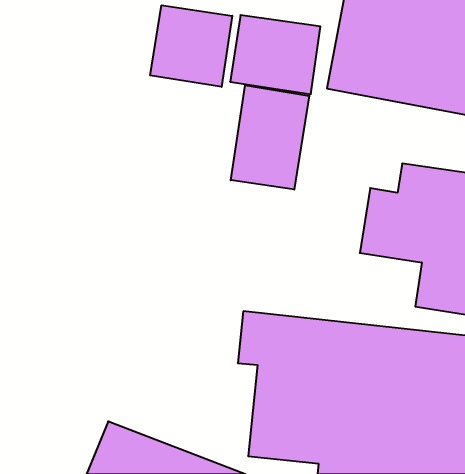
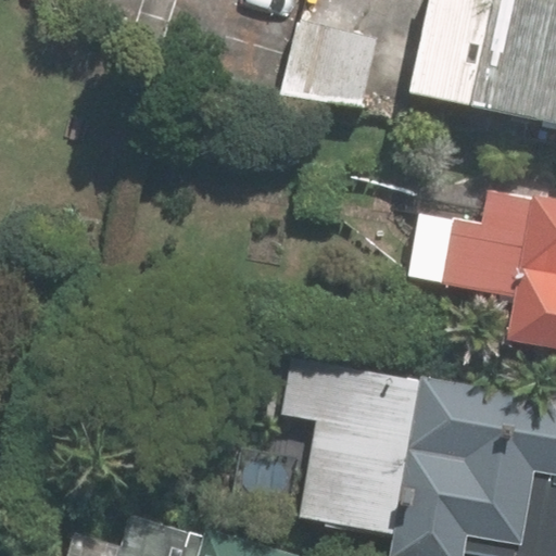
building: [150,5,232,87] -> none
building: [231,85,309,190] -> none

